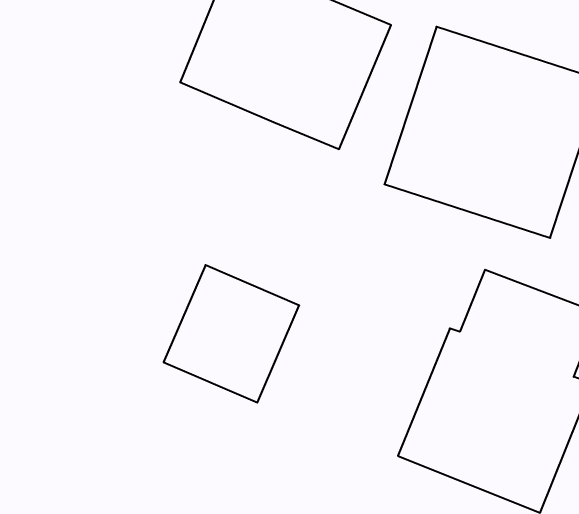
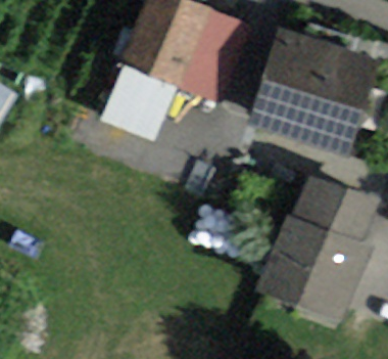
building: [164,265,299,403] -> [97,60,180,144]

